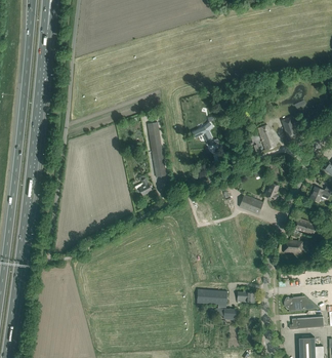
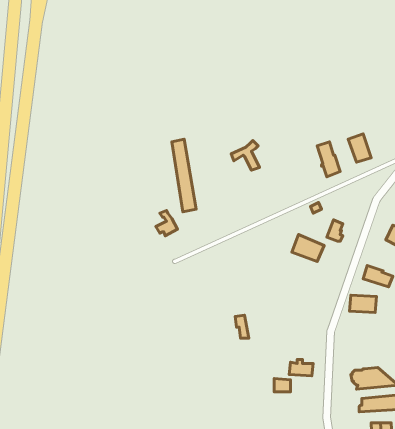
building: [198,286,229,303] -> none

